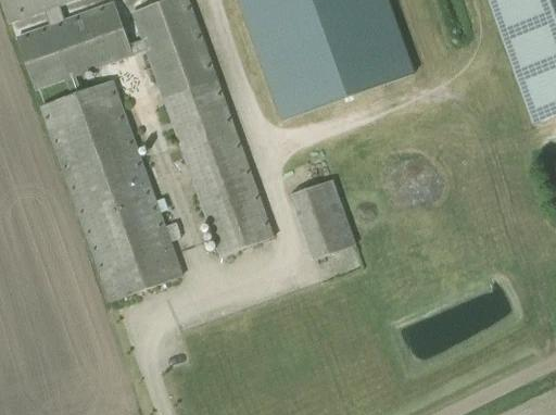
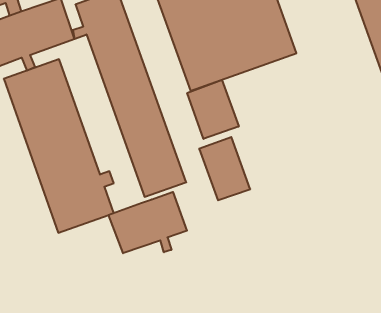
building: none -> [187,80,239,139]
building: none -> [109,192,187,253]

